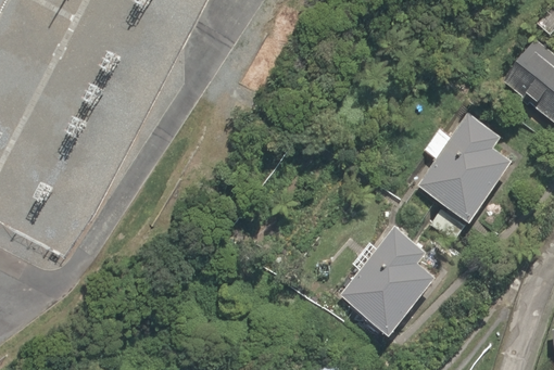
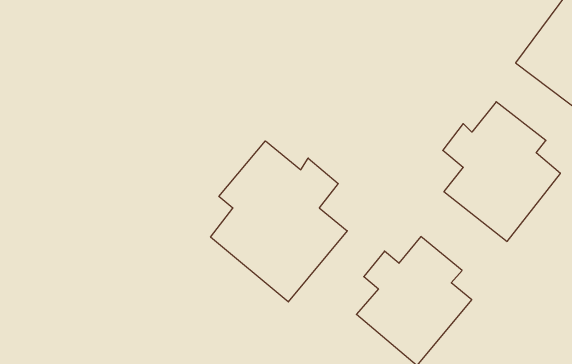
building: none -> [211,141,347,302]

